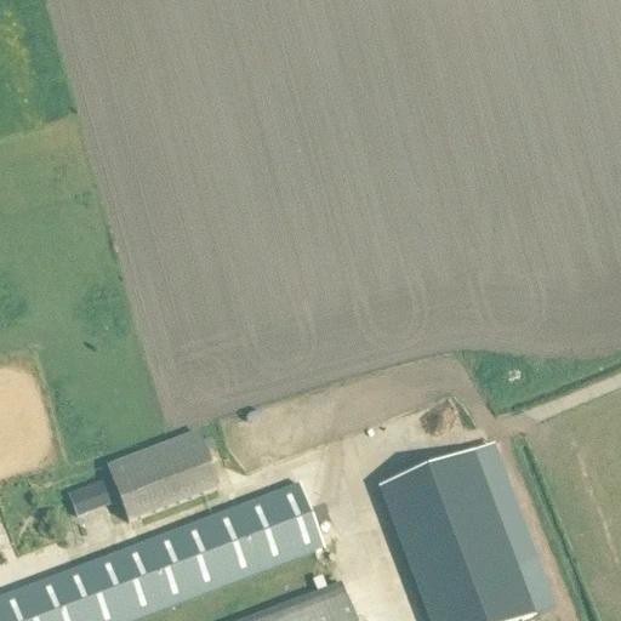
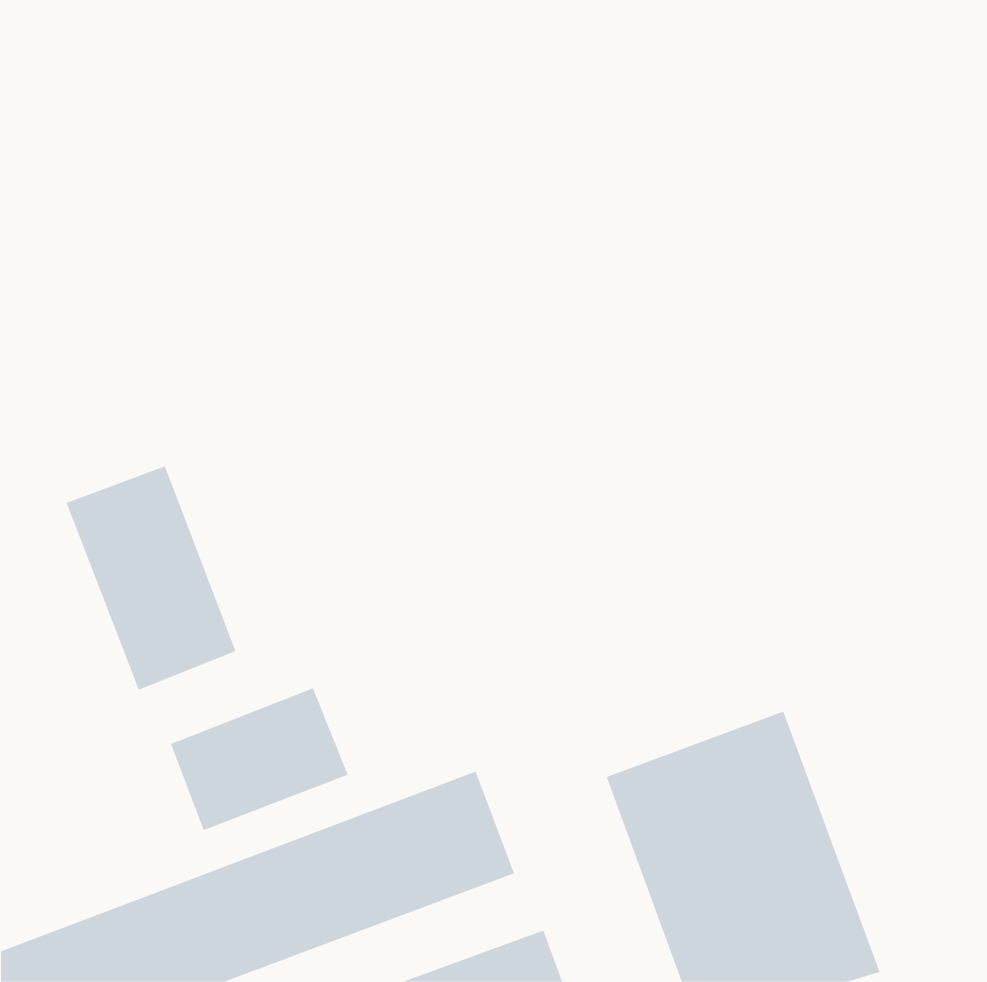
building: none -> [66,465,236,690]
building: [70,480,118,518] -> none

